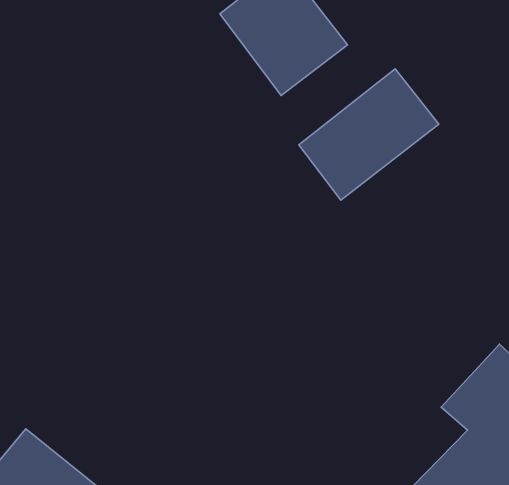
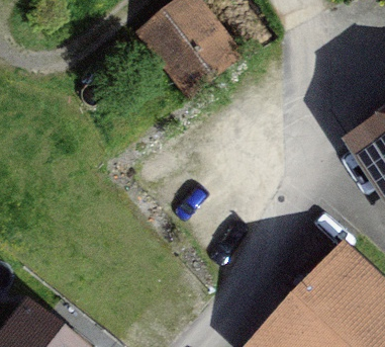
building: [299,69,439,200] -> none

